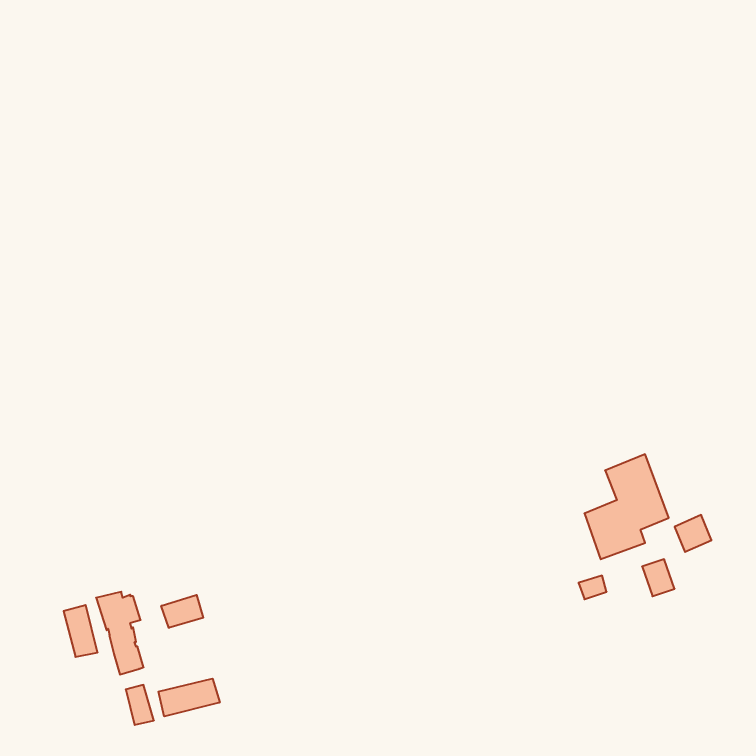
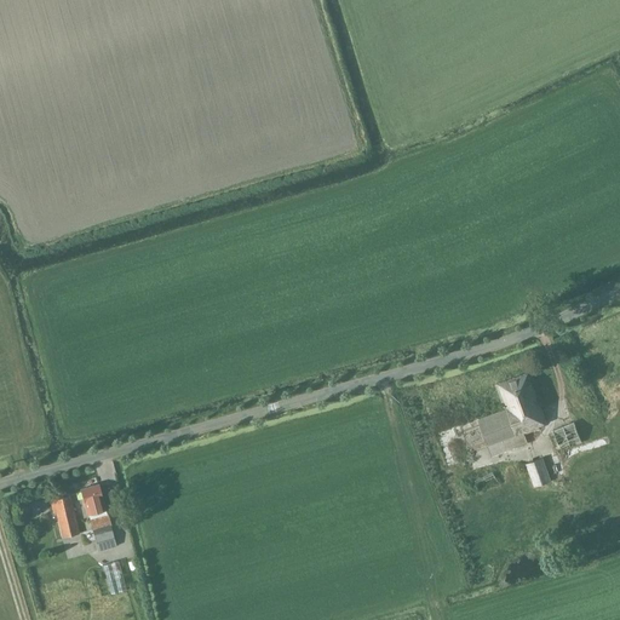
building: [161,595,203,628] -> none
building: [158,679,220,716] -> none

